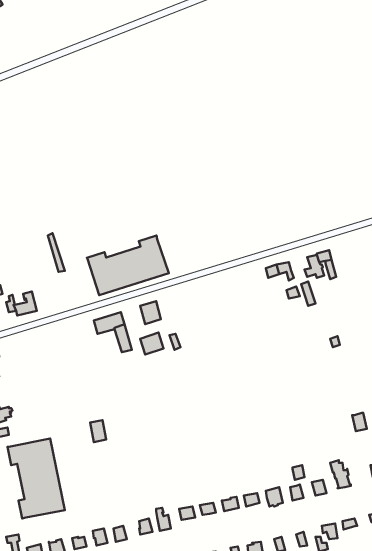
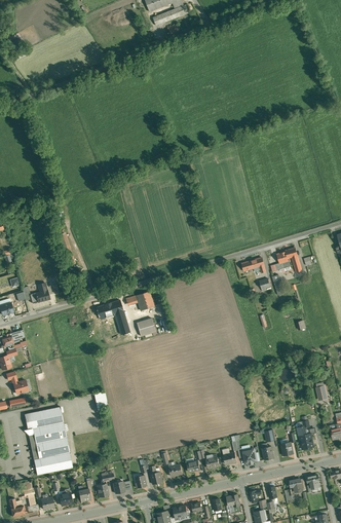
building: [87,236,169,295] -> none

